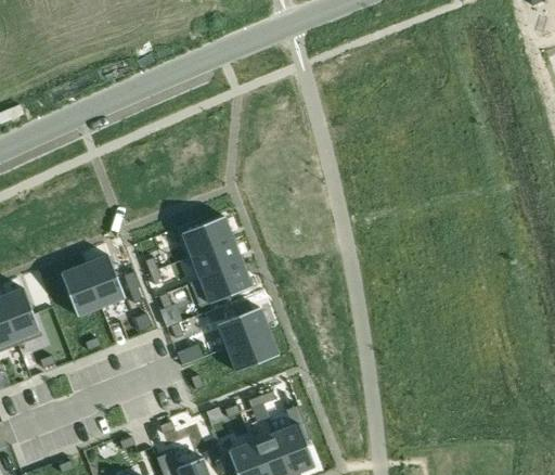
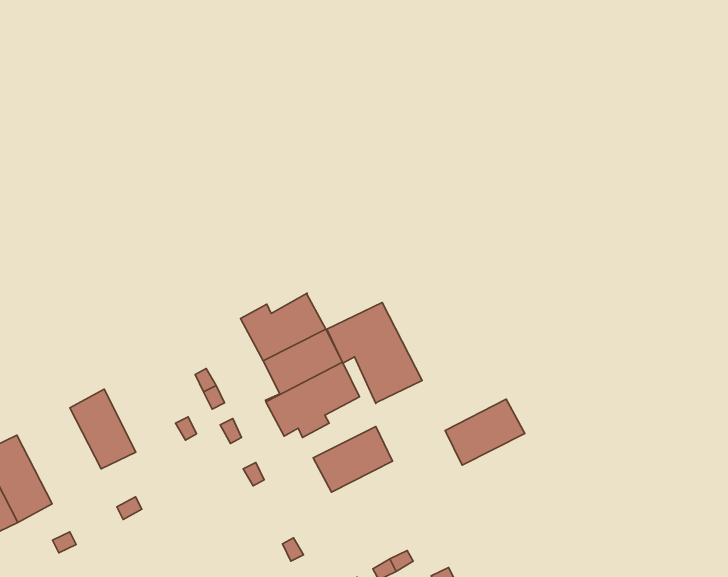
building: none -> [327,303,422,404]
building: [85,254,125,307] -> none
building: [227,331,279,371] -> [445,399,525,465]

